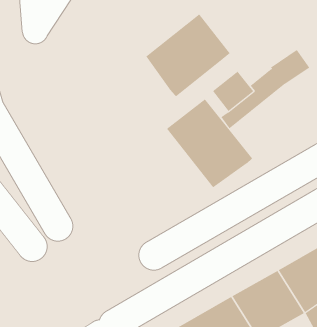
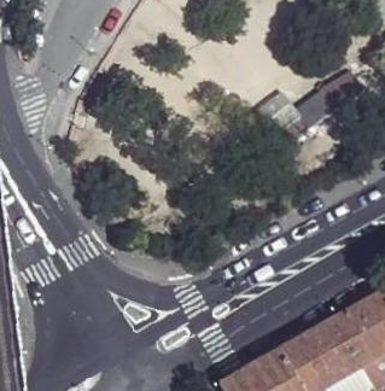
building: [145,14,230,97] -> none
building: [166,98,253,188] -> none

